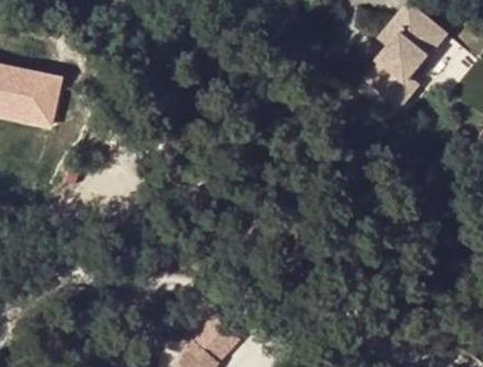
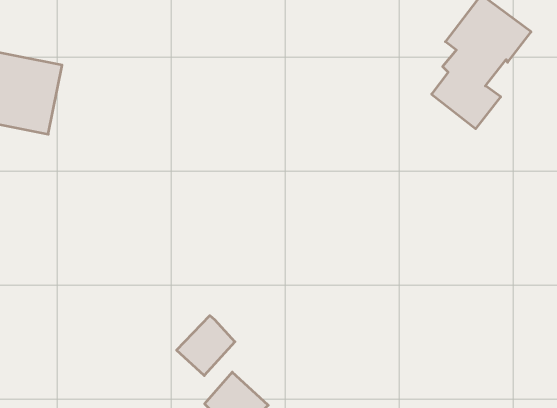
building: none -> [177,316,235,376]

